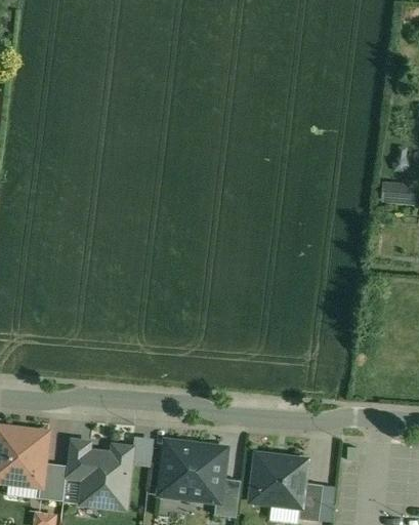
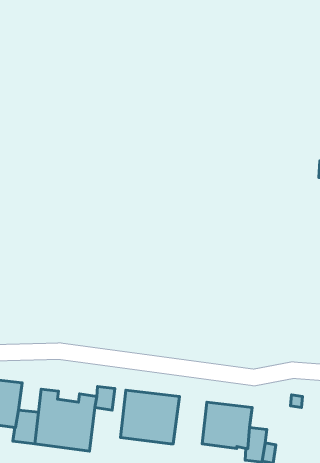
building: [213,478,240,517] -> none

